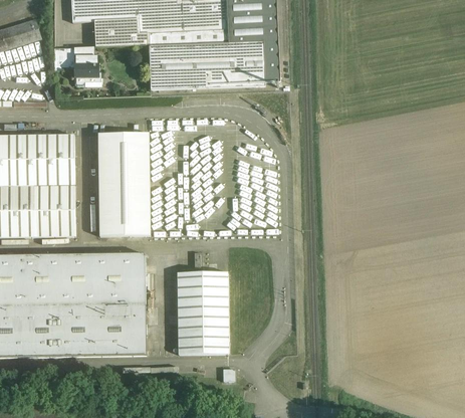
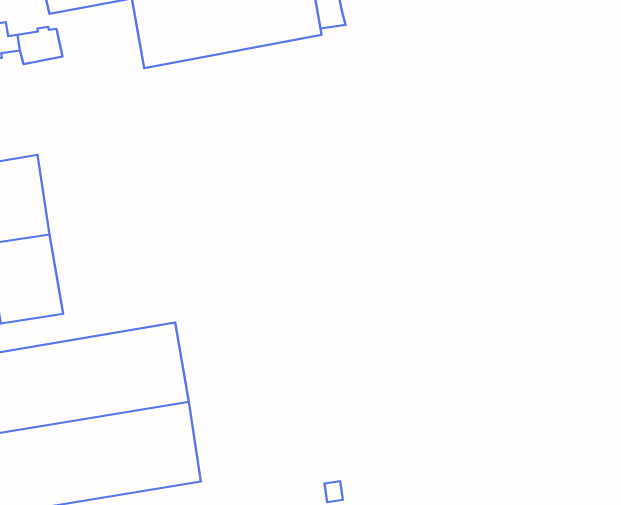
building: [97,132,150,235] -> none
building: [177,271,228,354] -> none

